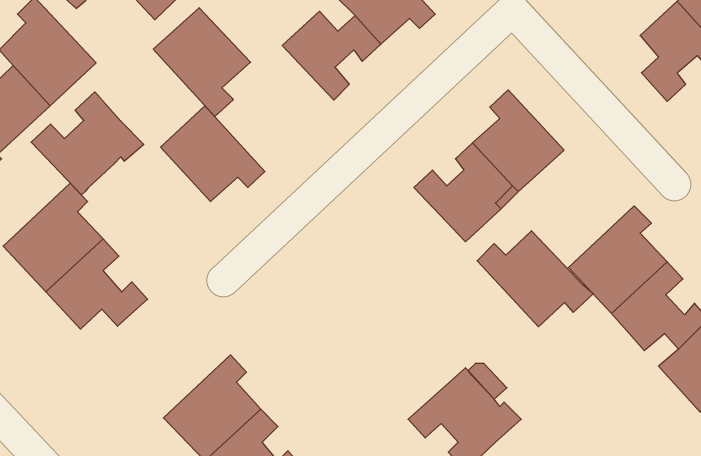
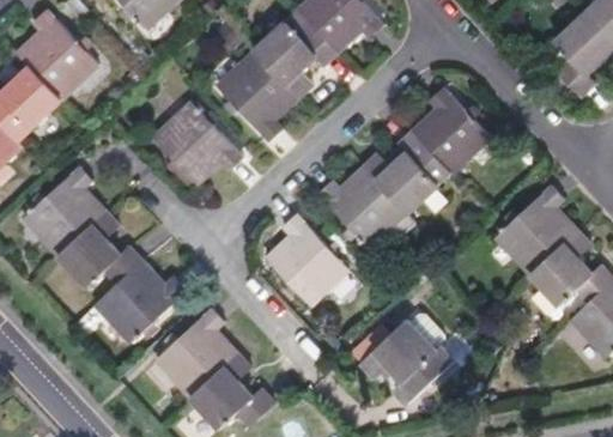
building: [153,8,251,117] -> [216,49,297,140]
building: [31,92,144,195] -> none
building: [477,231,593,327] -> [318,168,415,248]
building: none -> [267,212,348,303]
building: none -> [95,261,184,341]

